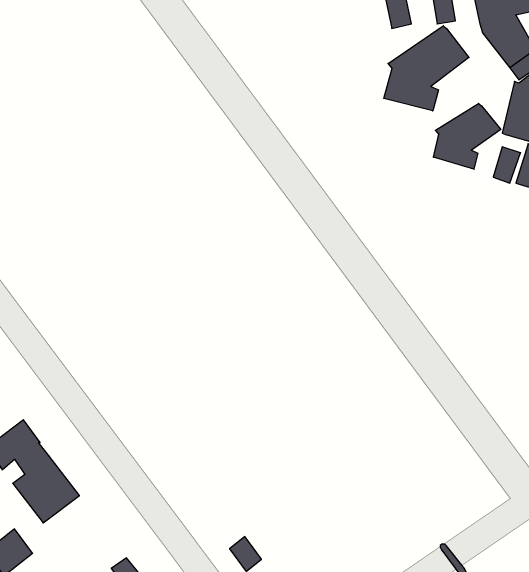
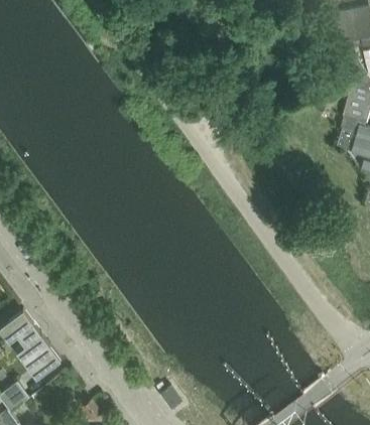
building: [384,26,469,111] -> none
building: [433,103,501,169] -> none

